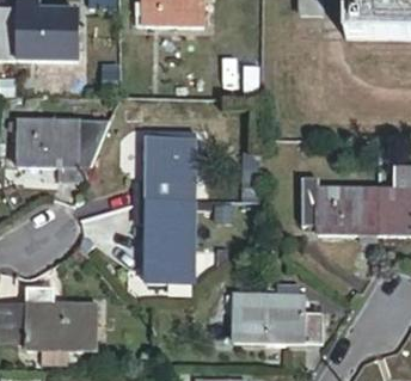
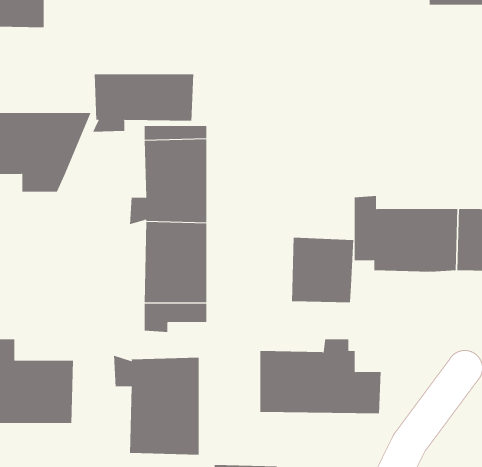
building: none -> [92,74,194,133]
building: none -> [291,237,354,303]
building: none -> [113,355,199,455]

